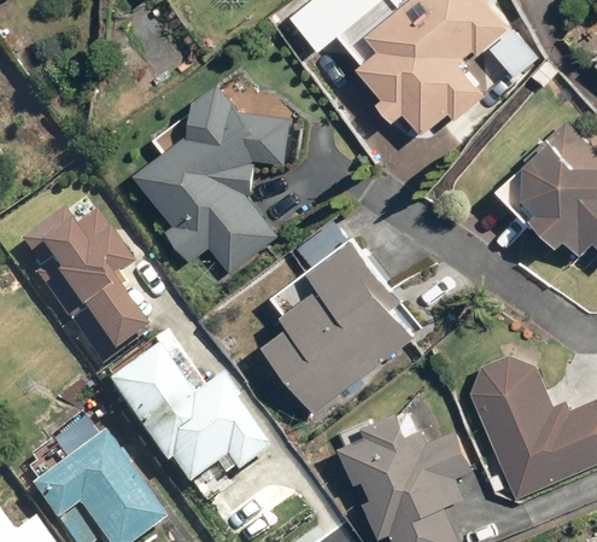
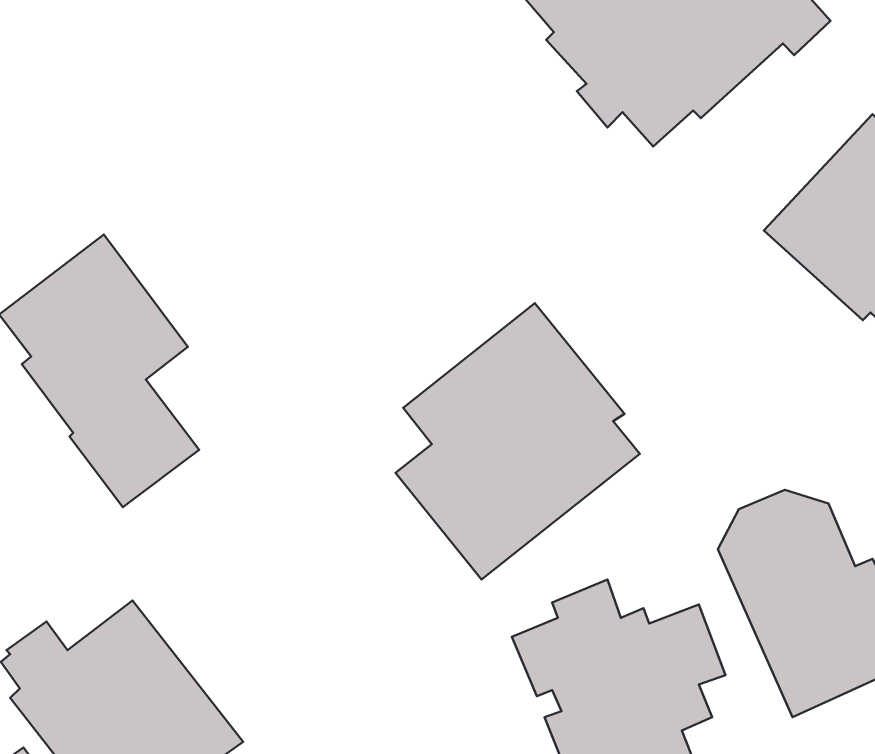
building: [136,77,289,275] -> none
building: [93,334,261,488] -> none

